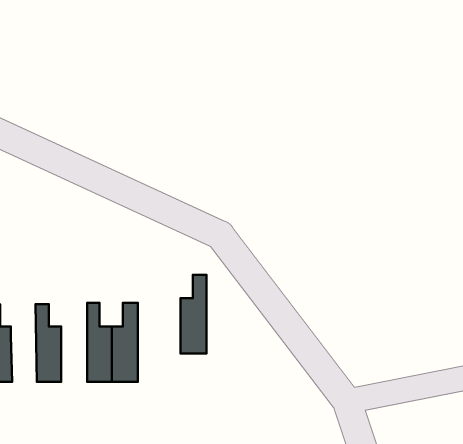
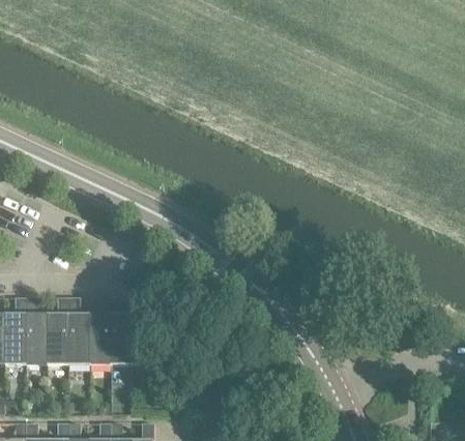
building: [180,275,206,354] -> [88,297,110,363]
building: none -> [46,298,67,363]

